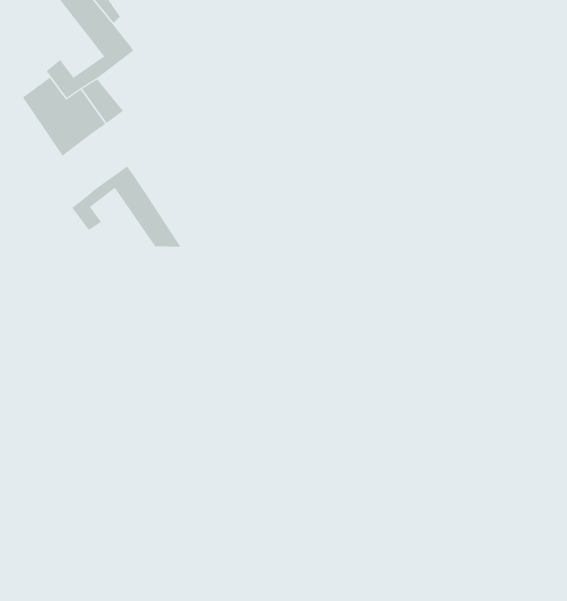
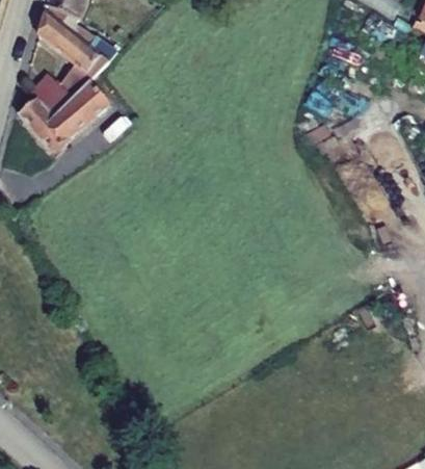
building: [72,166,182,248] -> none

